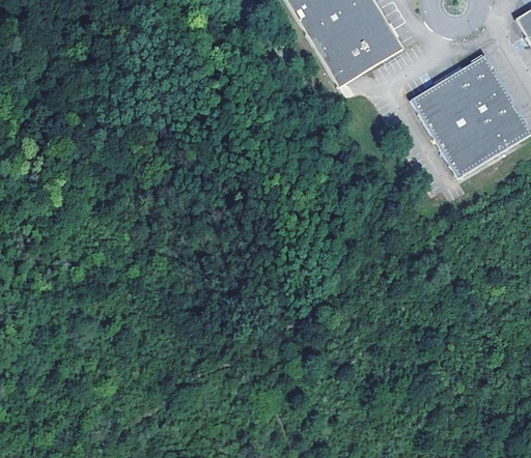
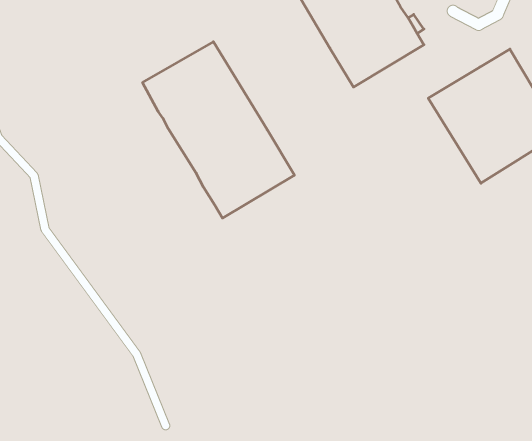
building: none -> [143,42,294,218]

